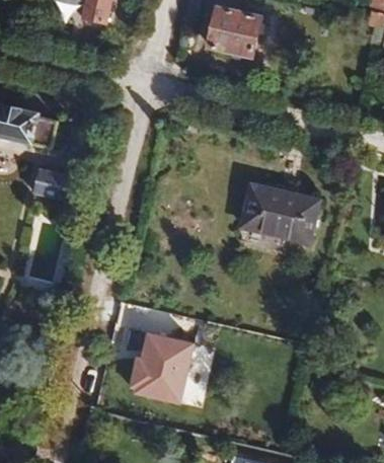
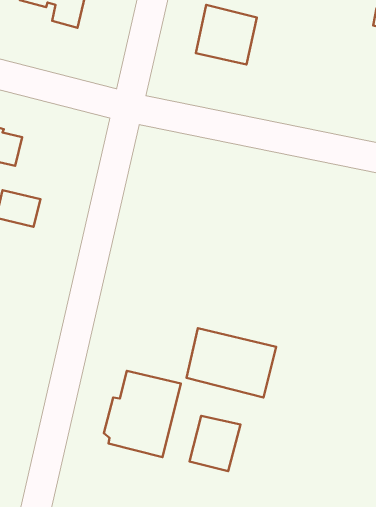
building: [241,184,320,245] -> [186,328,276,397]
building: none -> [190,416,240,471]

